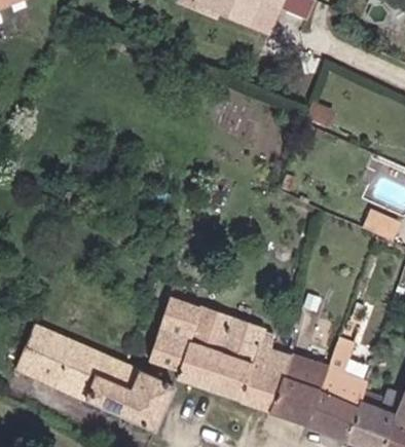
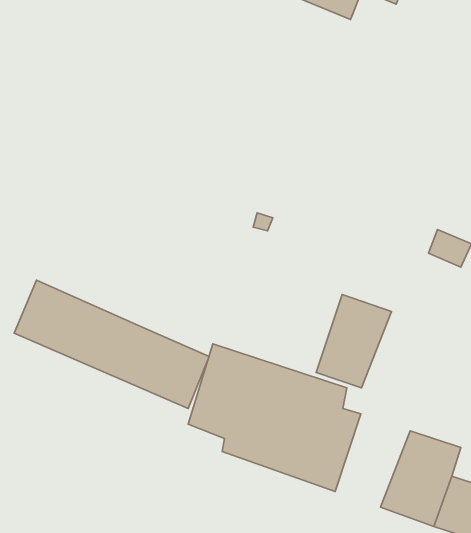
building: [19,327,173,429] -> [14,280,209,408]
building: [268,350,328,424] -> [316,295,391,388]

